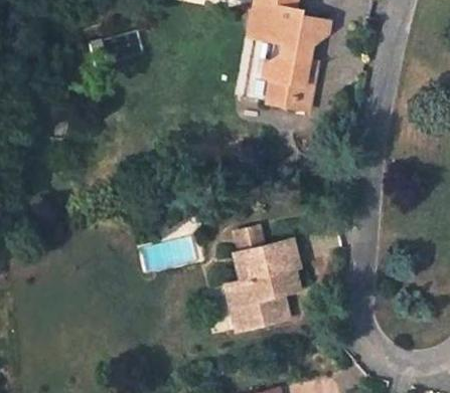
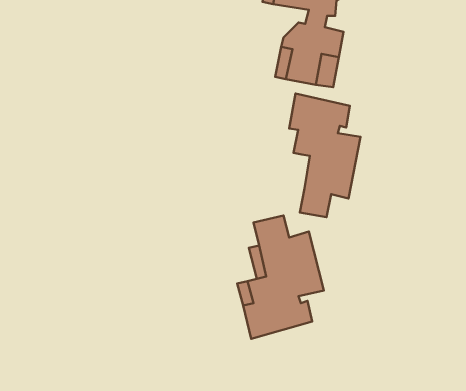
building: none -> [289,93,360,217]

